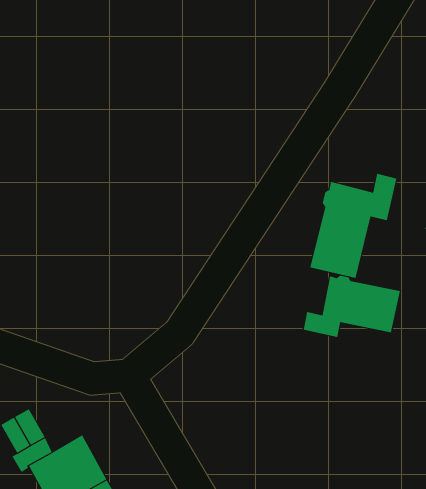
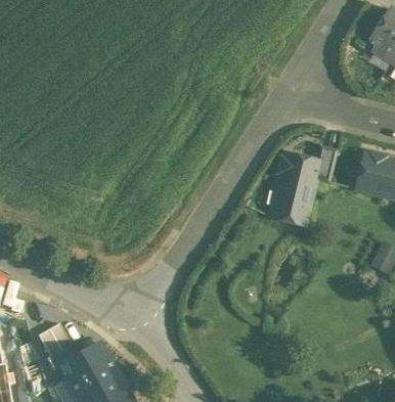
building: [303,275,400,338] -> none

